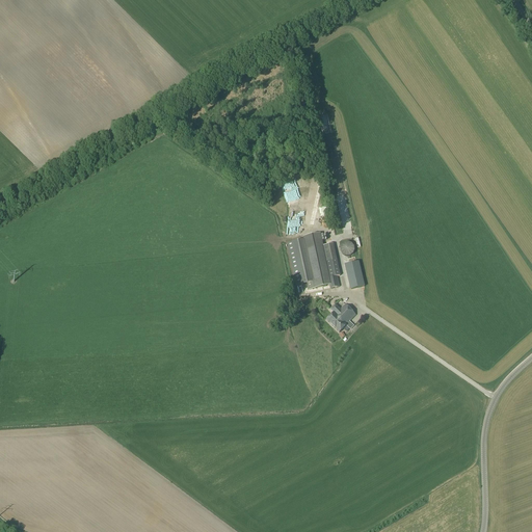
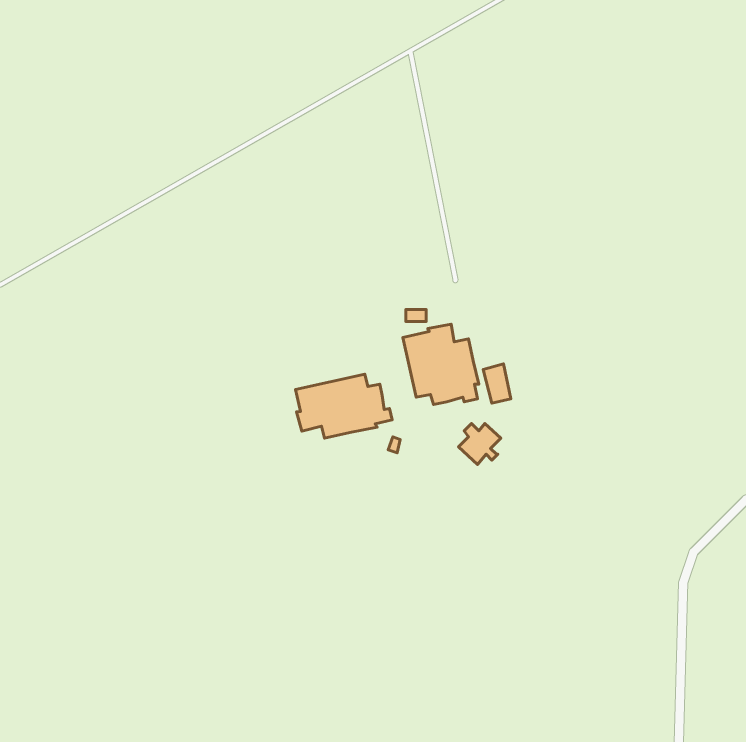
building: none -> [296,374,392,438]

